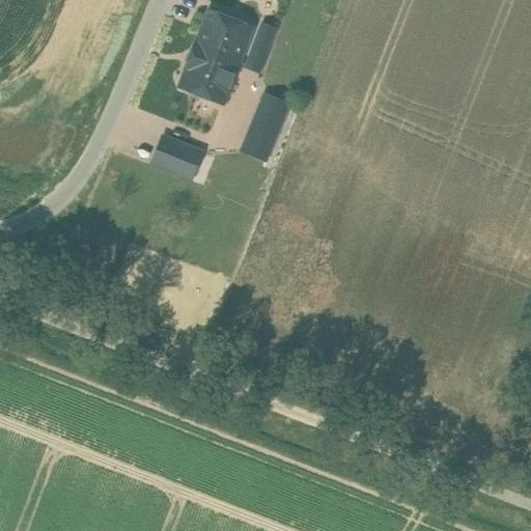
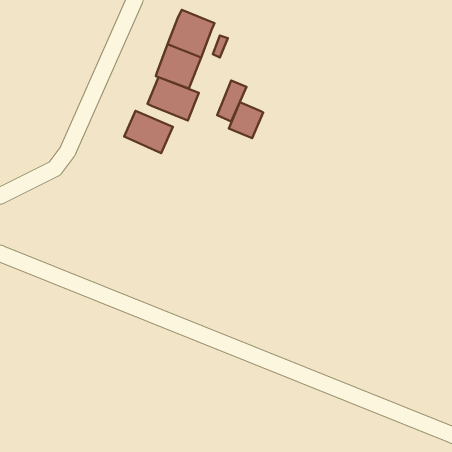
building: none -> [147,77,199,120]
building: none -> [229,102,263,138]

